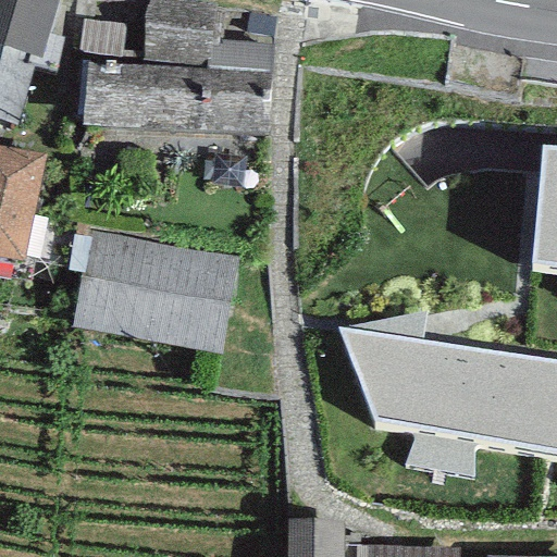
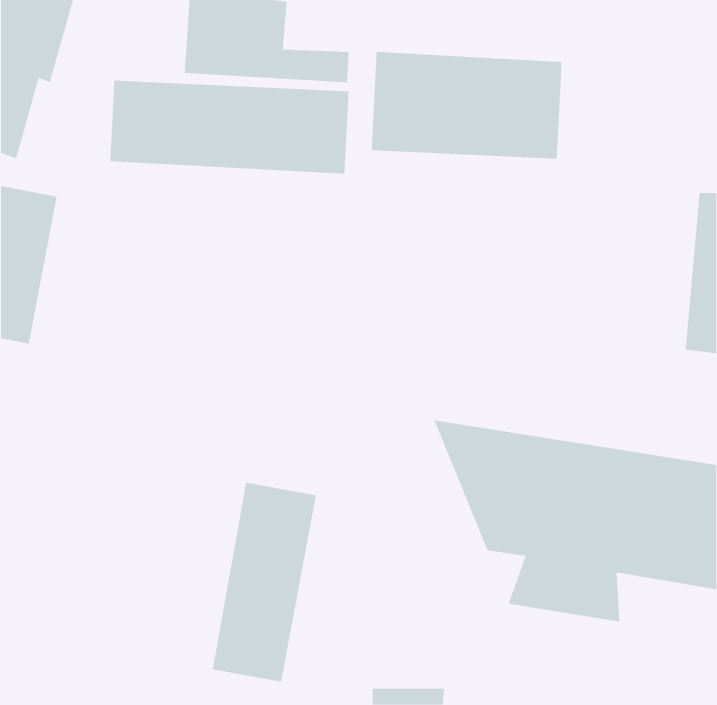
building: none -> [371,51,562,159]
building: [73,225,240,354] -> none
building: none -> [212,482,316,682]

